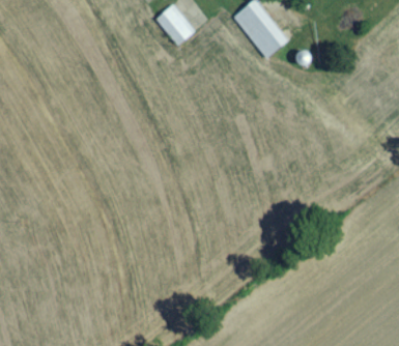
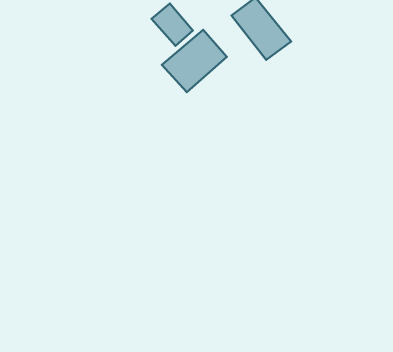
building: none -> [162,30,227,92]

